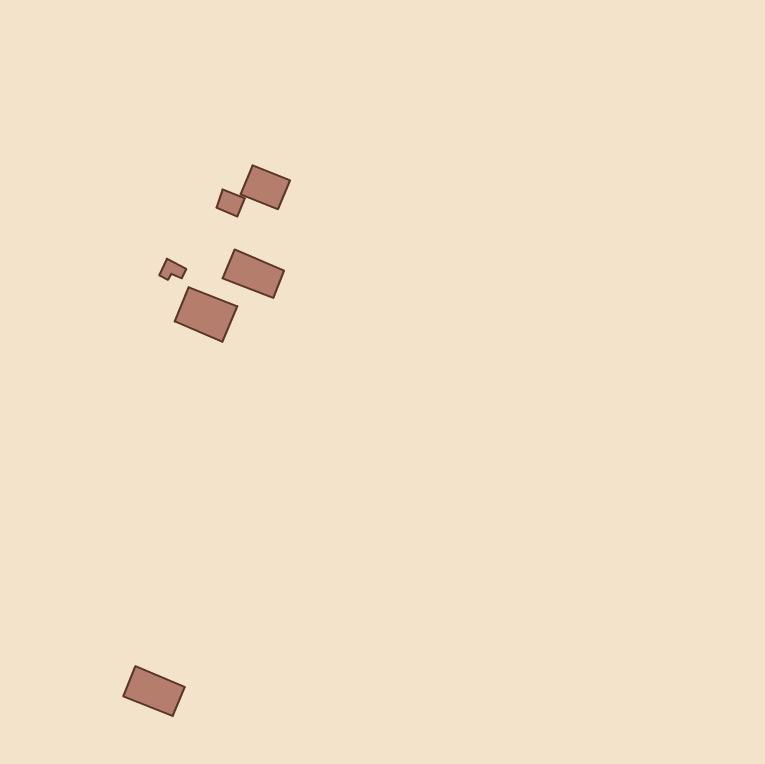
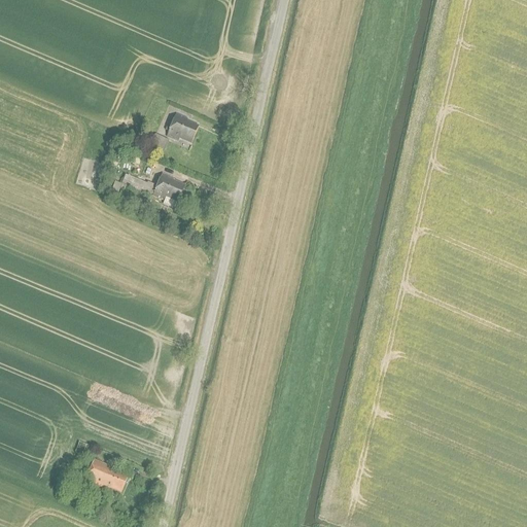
building: [175,287,237,342] -> none

